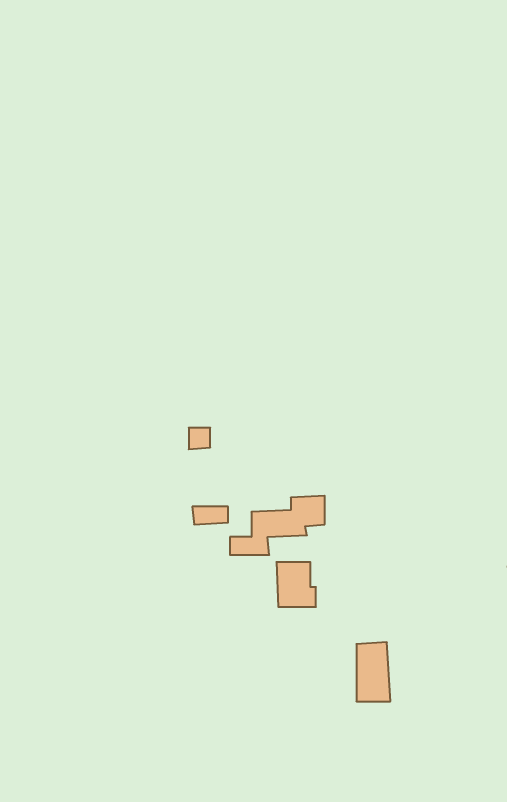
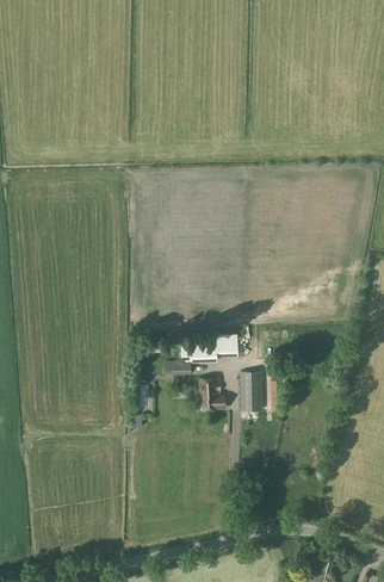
building: [356,642,390,701] -> [242,371,265,410]

